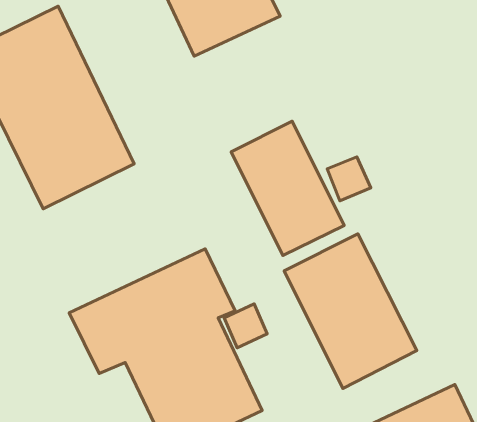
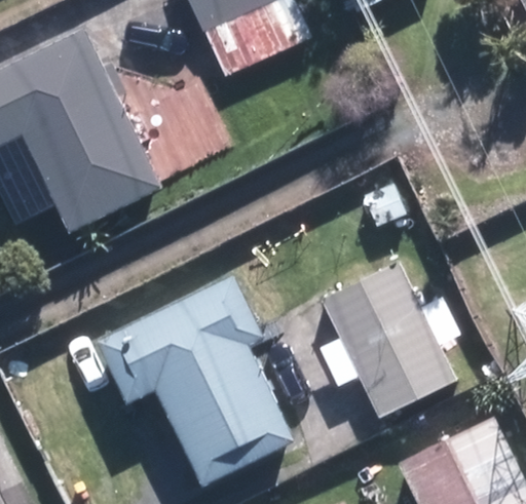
building: [231,121,344,255] -> none

